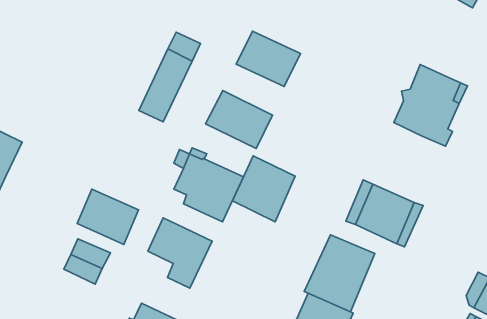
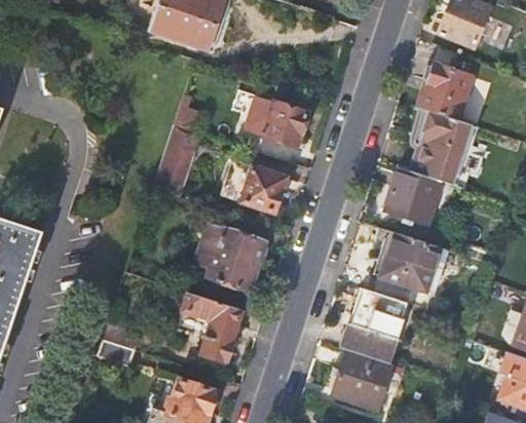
building: none -> [417,63,472,120]
building: none -> [382,167,439,225]
building: [232,156,295,222] -> none
building: [77,189,138,245] -> none

